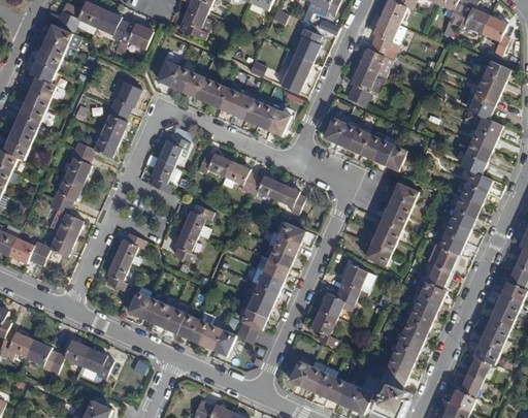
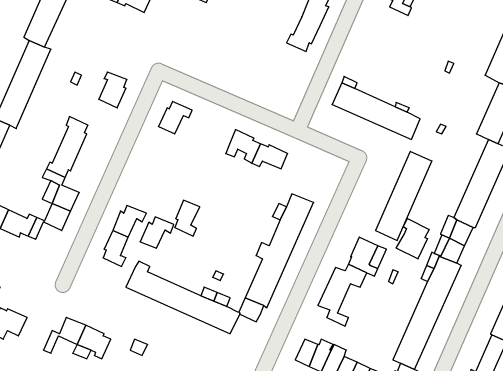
building: [345,44,395,105] -> none
building: [157,60,290,135] -> none
building: [109,82,140,114] -> none
building: [73,132,119,158] -> none
building: [197,152,231,176] -> none
building: [148,158,173,192] -> none
building: [274,184,305,215] -> none
building: [182,204,213,234] -> [140,217,174,248]
building: none -> [396,219,429,259]
building: [25,340,57,371] -> none

